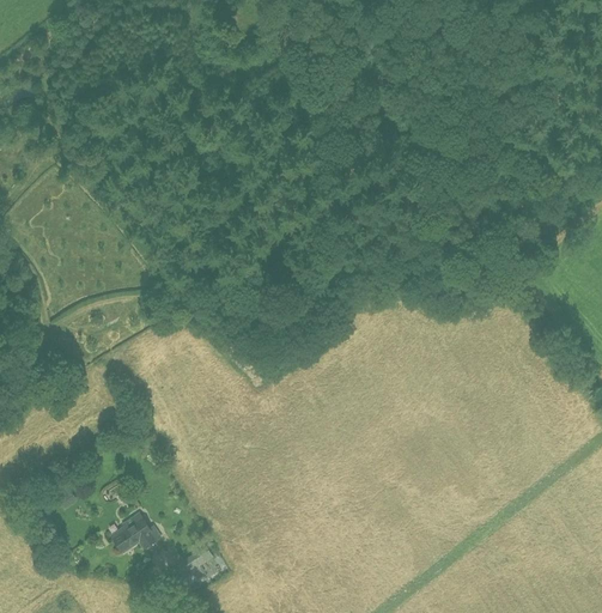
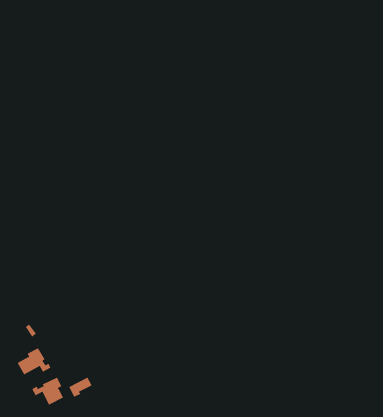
building: none -> [31,377,64,406]

